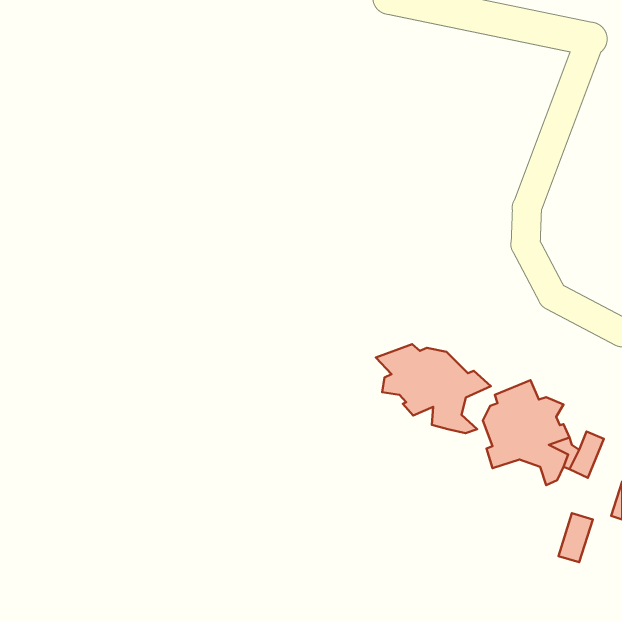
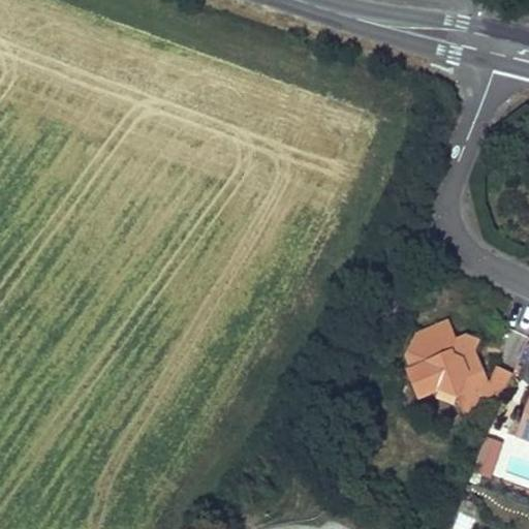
building: [376,344,491,433] -> none

